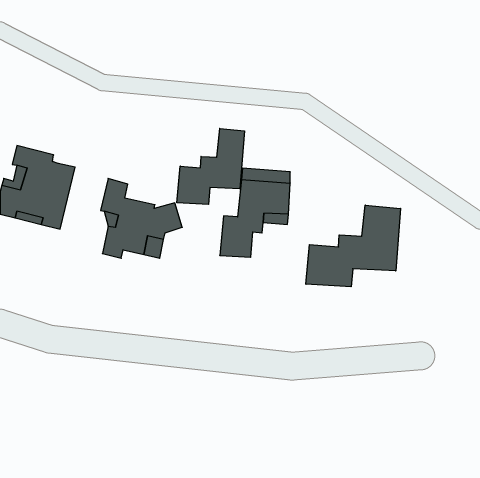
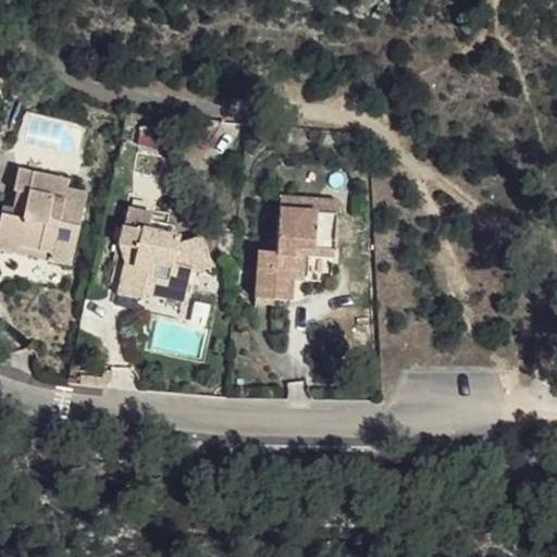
building: [177,128,244,204] -> none
building: [306,205,401,287] -> none

